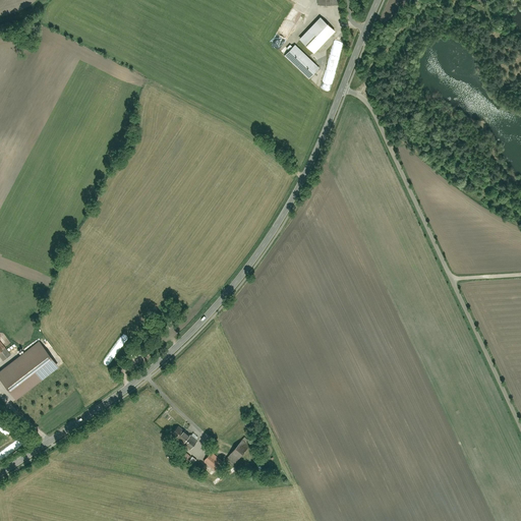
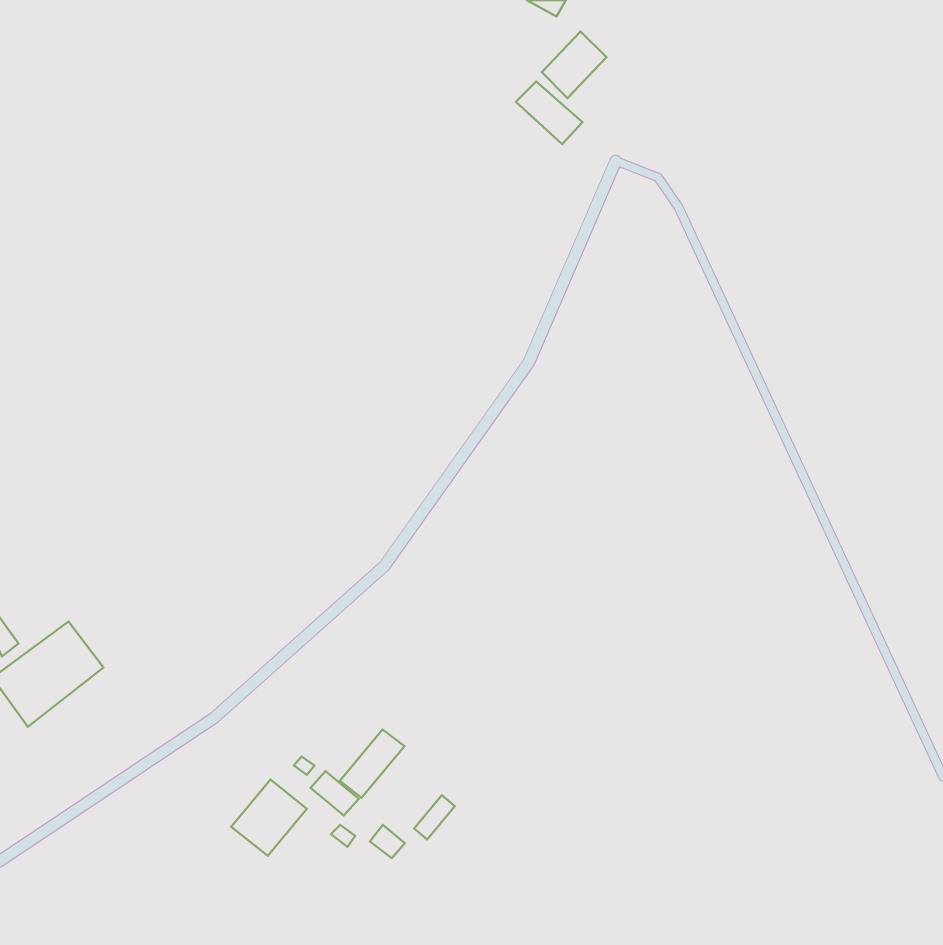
building: none -> [340,729,404,798]
building: none -> [231,780,307,856]

